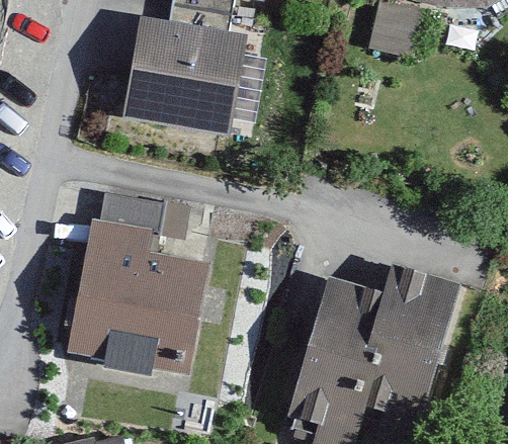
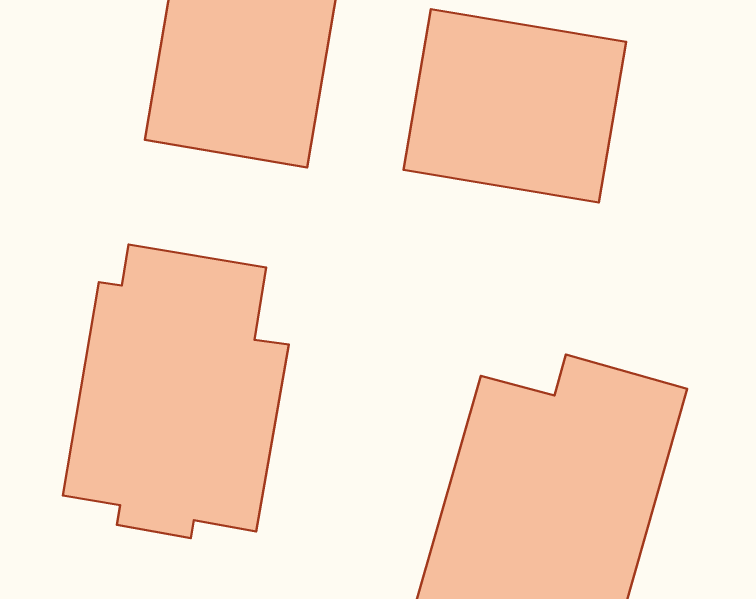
building: none -> [404,9,626,203]

